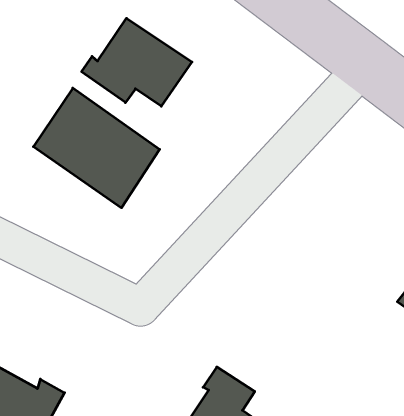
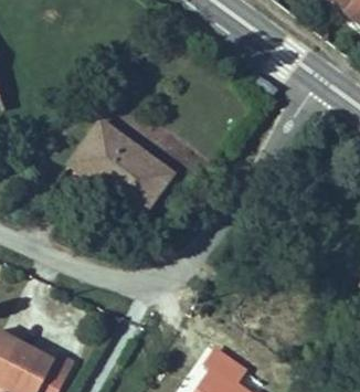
building: [82,18,192,106] -> none

